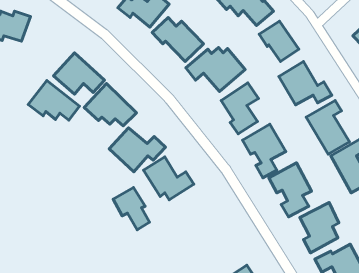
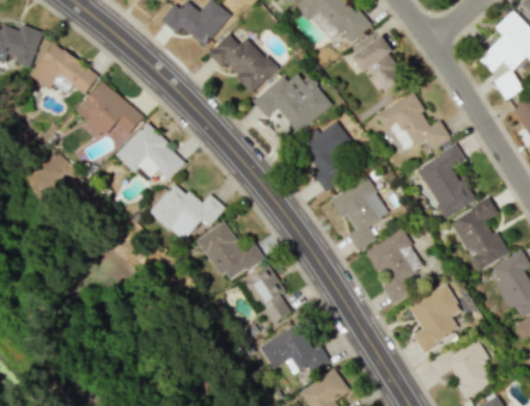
building: [28,81,79,120] -> [30,42,99,96]
building: [113,188,150,230] -> [243,266,292,324]
building: none -> [260,325,331,374]

